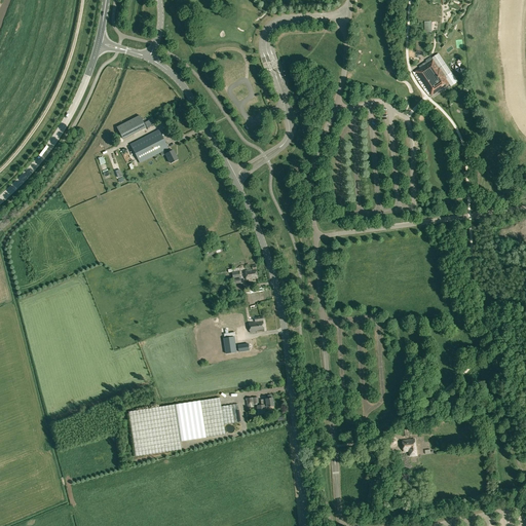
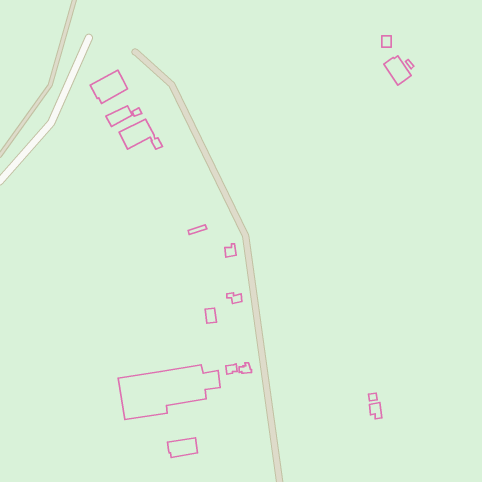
building: none -> [90,70,128,103]
building: none -> [168,438,197,457]

